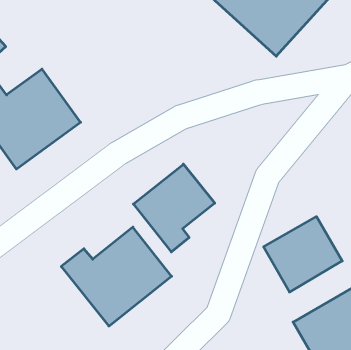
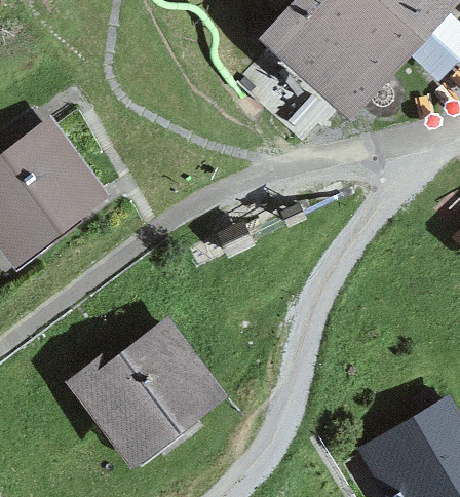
building: [133,164,215,252] -> none
building: [264,217,342,292] -> none

